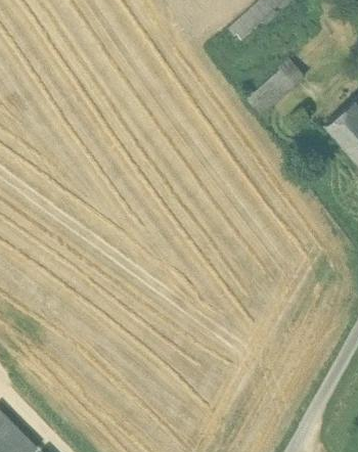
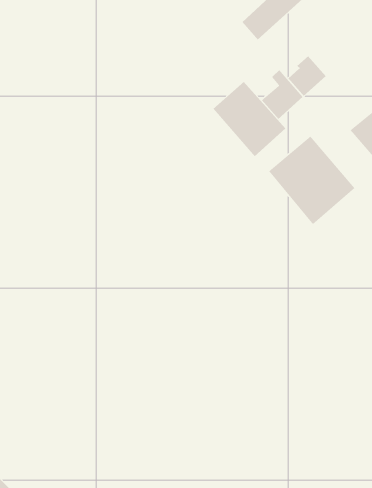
building: none -> [213,81,286,157]
building: none -> [268,135,356,225]

